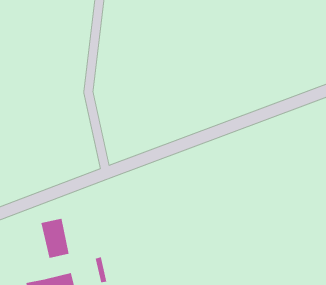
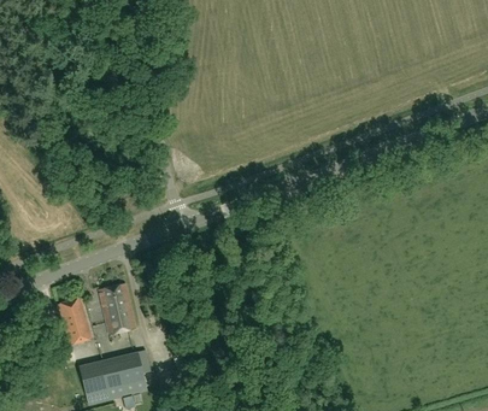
building: none -> [58,295,92,344]

